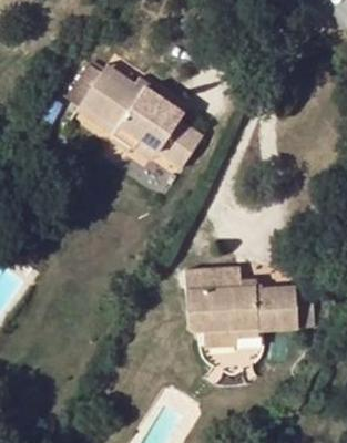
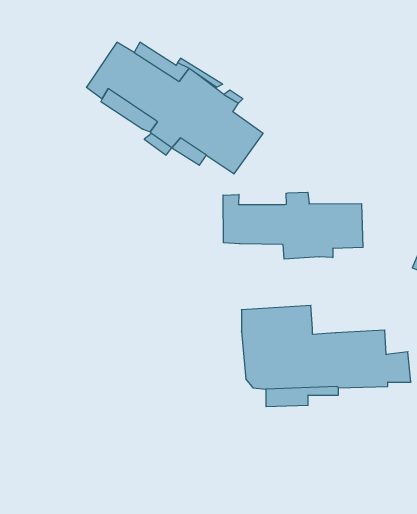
building: none -> [223,192,363,259]

